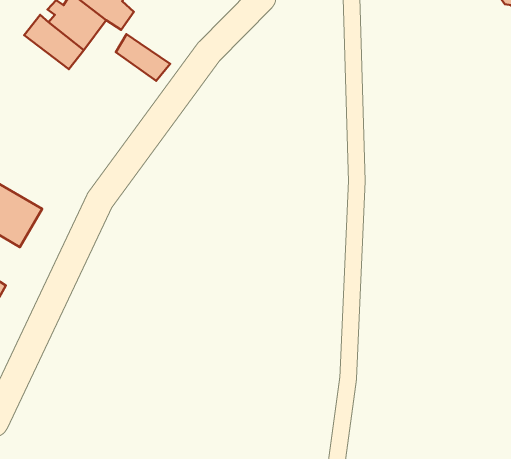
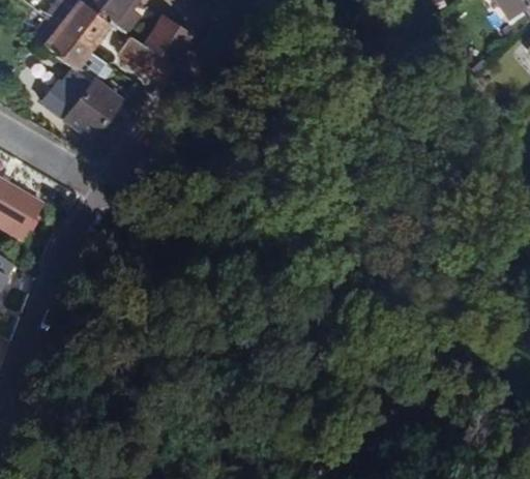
building: none -> [143,16,192,64]
building: none -> [55,78,120,138]

